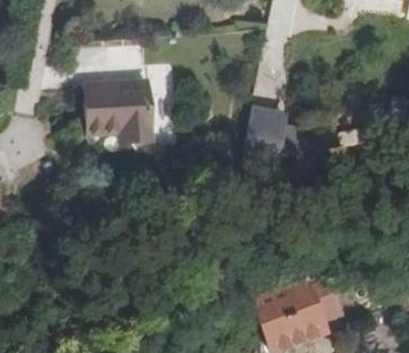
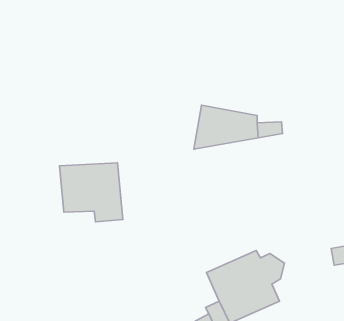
building: [82,89,149,150] -> [59,163,123,222]

